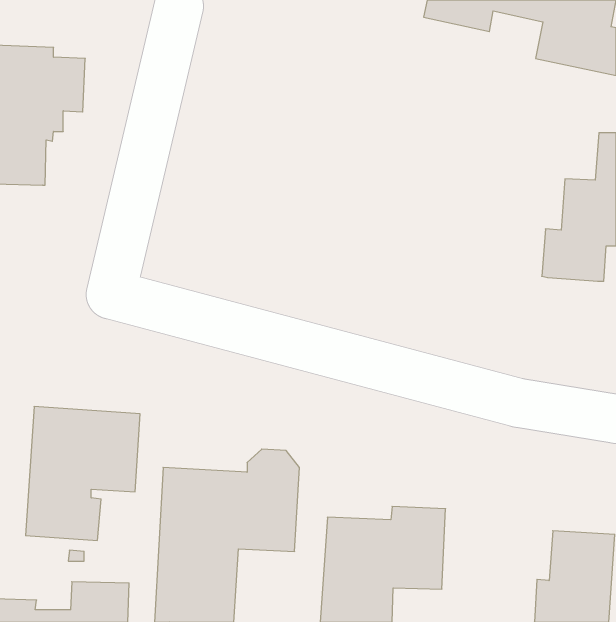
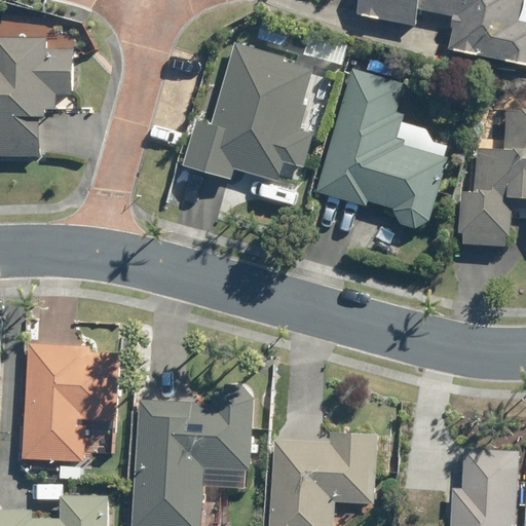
building: none -> [181,47,311,180]
building: none -> [314,71,446,230]

